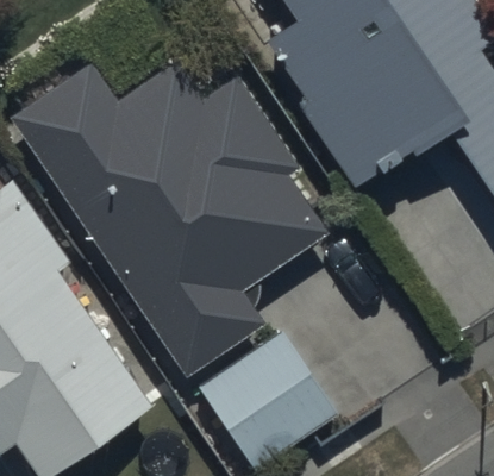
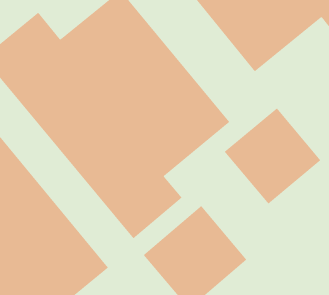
building: none -> [224,108,321,205]

